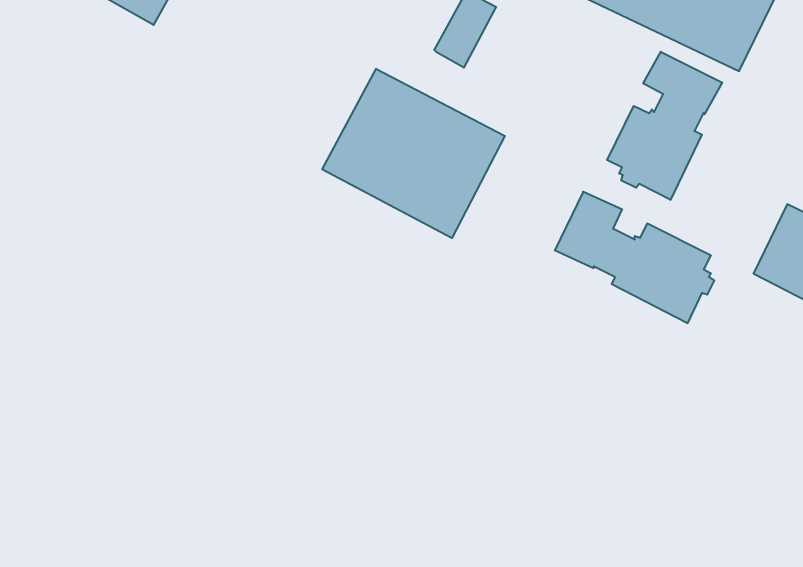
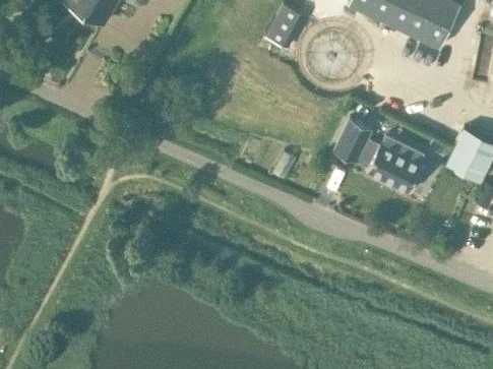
building: [607,52,722,200] -> none
building: [322,69,505,238] -> none

